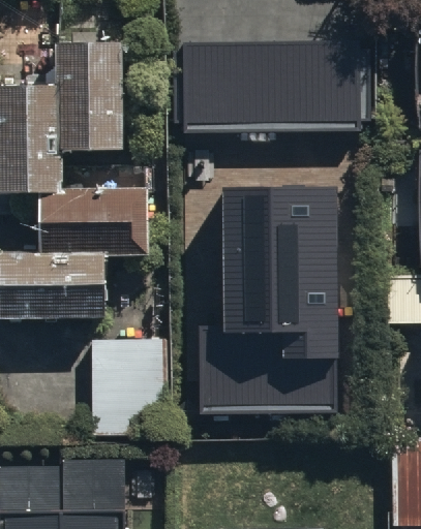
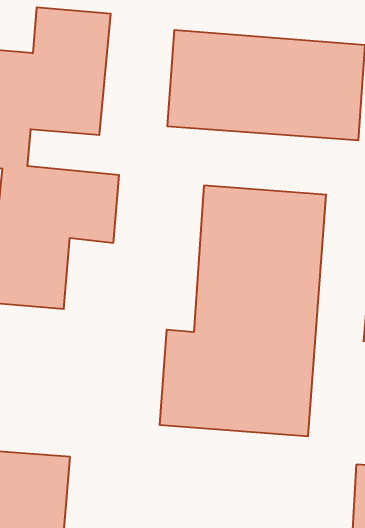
building: [90,337,161,437] -> none

